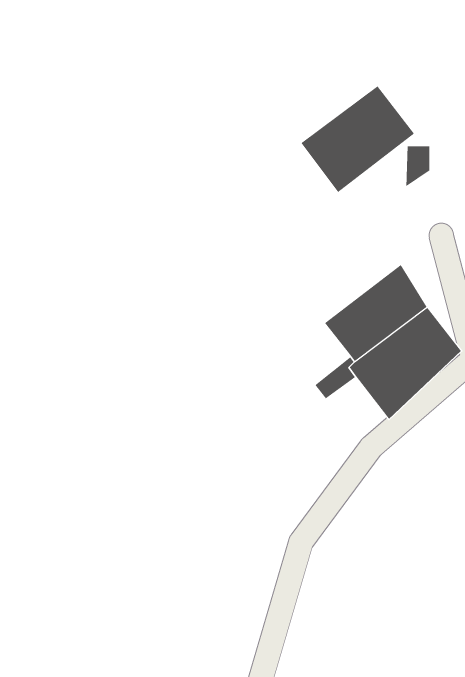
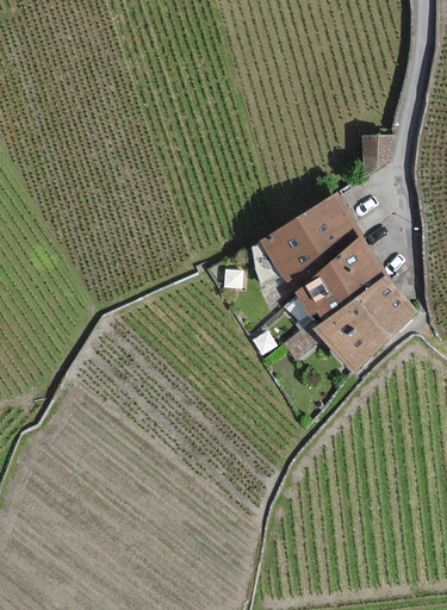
building: [301,85,415,193] -> [261,197,360,290]

